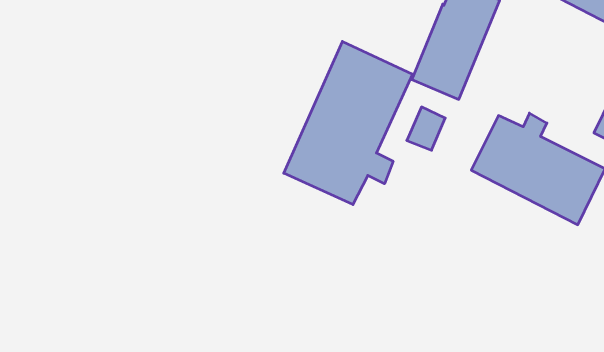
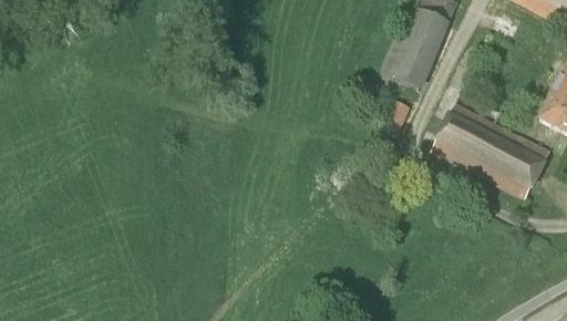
building: [284,41,412,205] -> none

